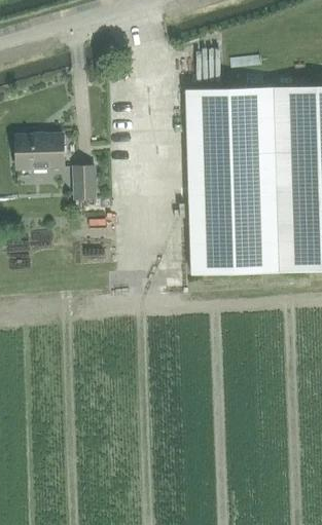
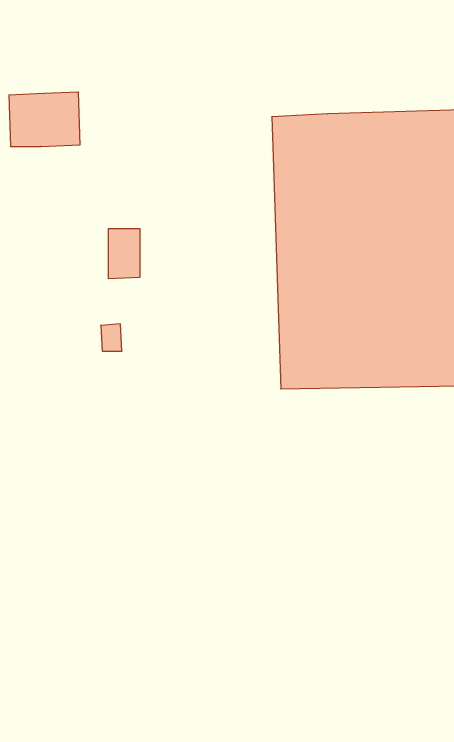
building: [15,133,64,170] -> [9,92,80,146]

